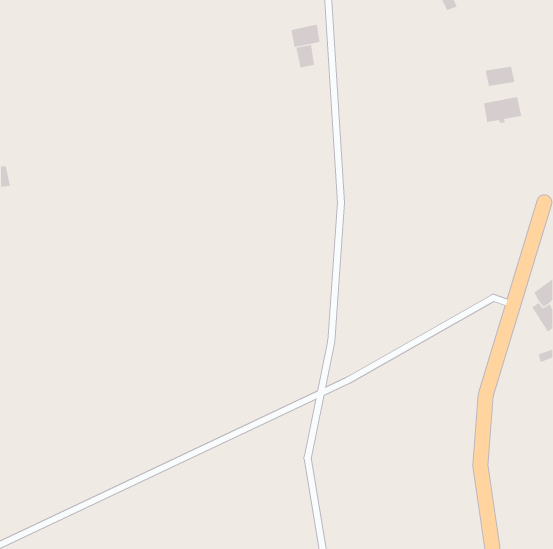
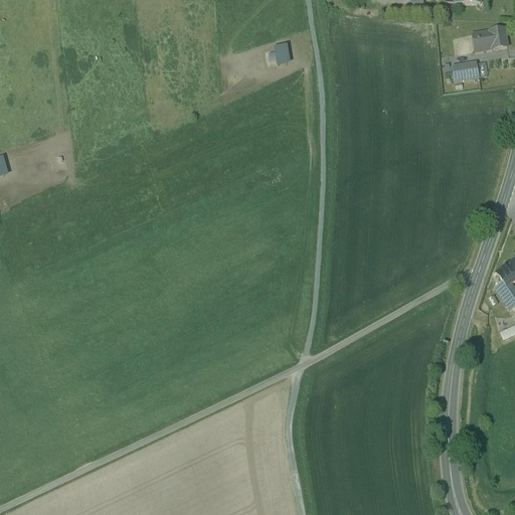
building: [291,24,320,48] -> none
building: [483,97,522,124] -> [472,27,508,52]

